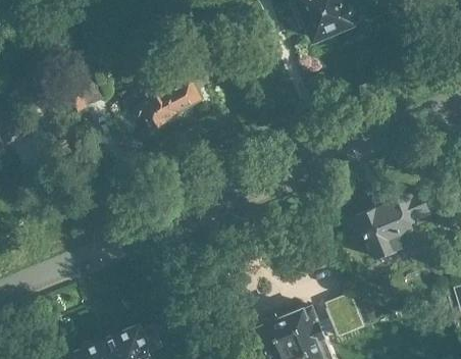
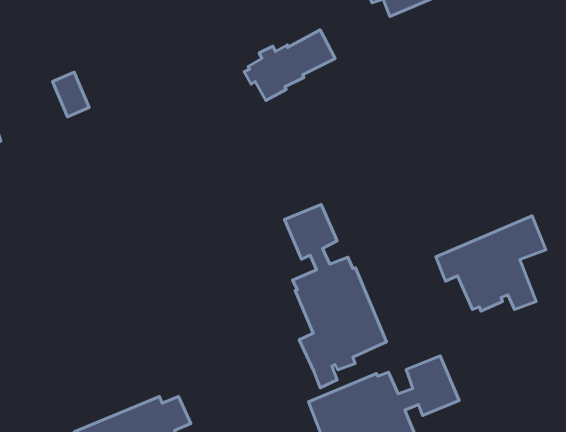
building: [136,76,204,130] -> [244,30,335,100]
building: none -> [285,204,386,388]

